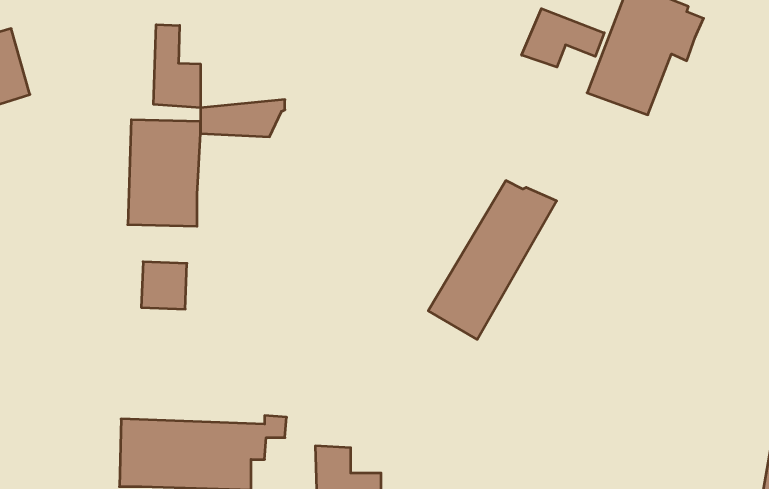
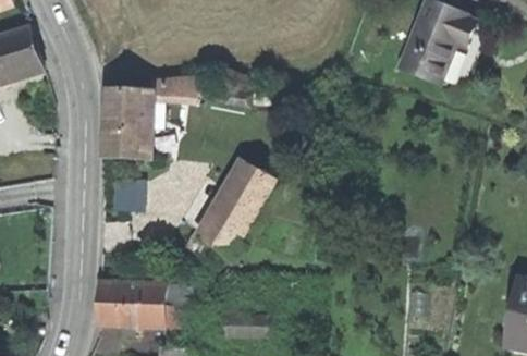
building: [522,9,604,67] -> none
building: [154,25,200,108] -> none
building: [428,181,557,339] -> [199,155,282,257]

